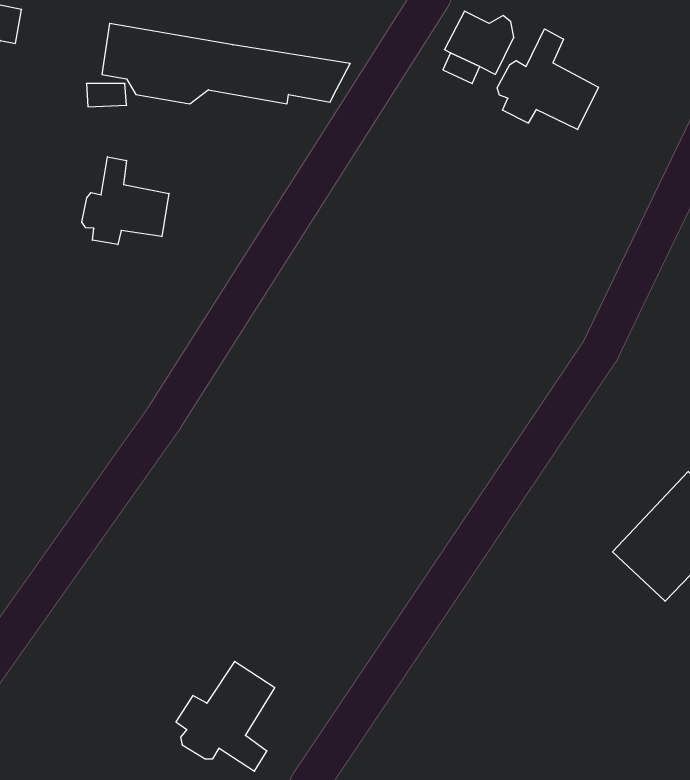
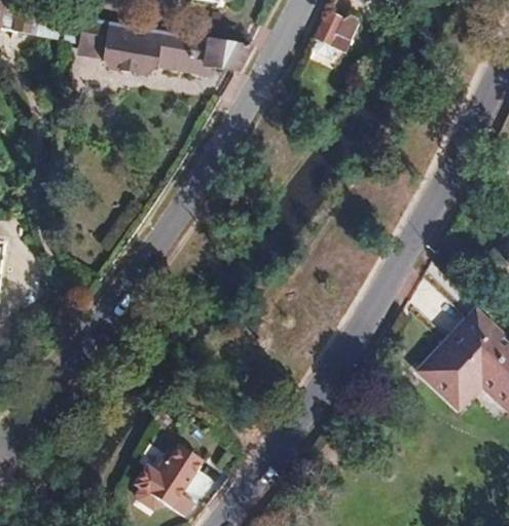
building: [497,29,598,130] -> none
building: [82,157,169,245] -> none

